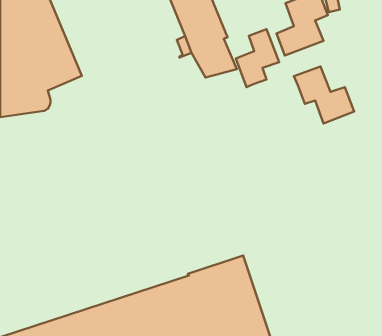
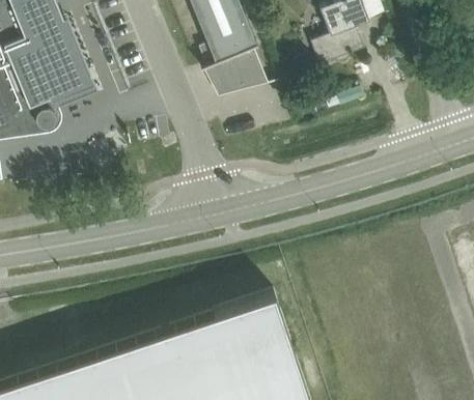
building: [236,29,279,87] -> none
building: [294,66,354,123] -> none

